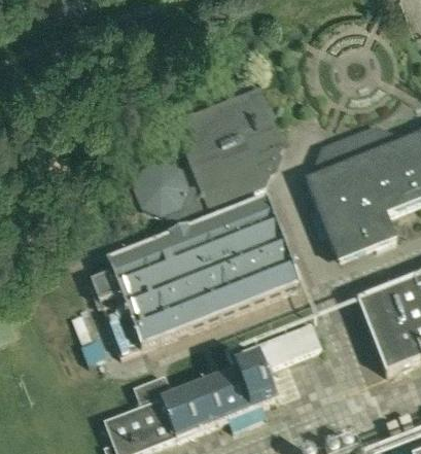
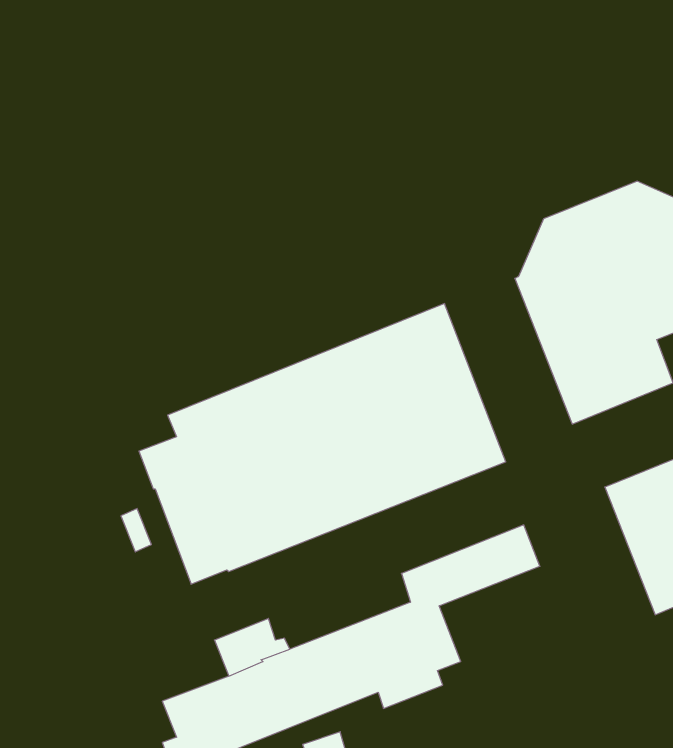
building: [133,83,284,224] -> none

